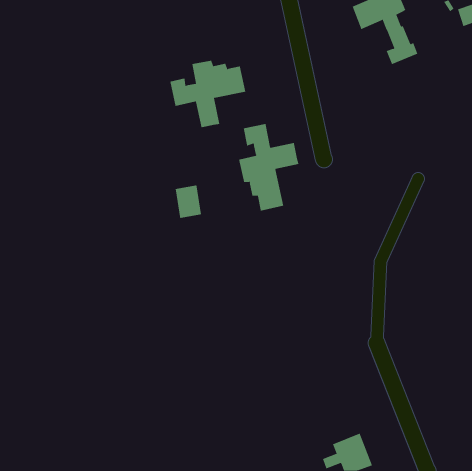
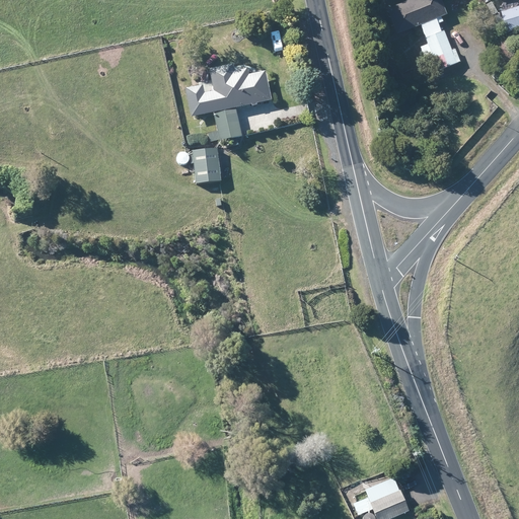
building: [238,123,299,211] -> none
building: [175,185,202,218] -> [193,147,222,183]

